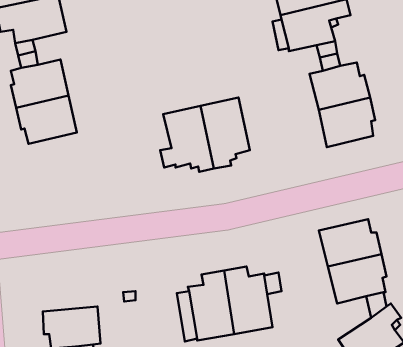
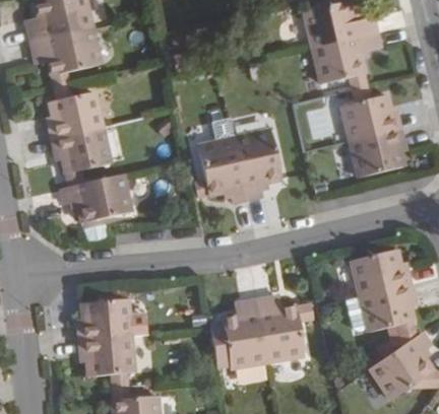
building: none -> [60,174,130,223]
building: none -> [73,298,130,340]

